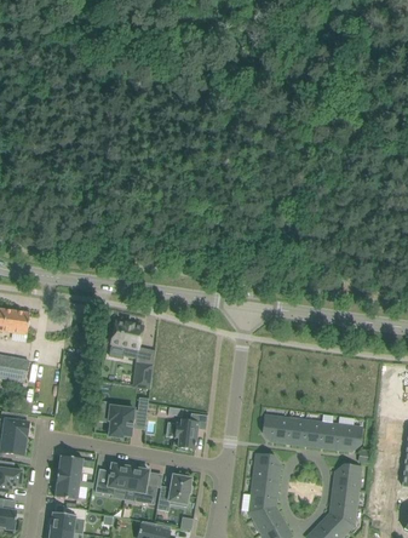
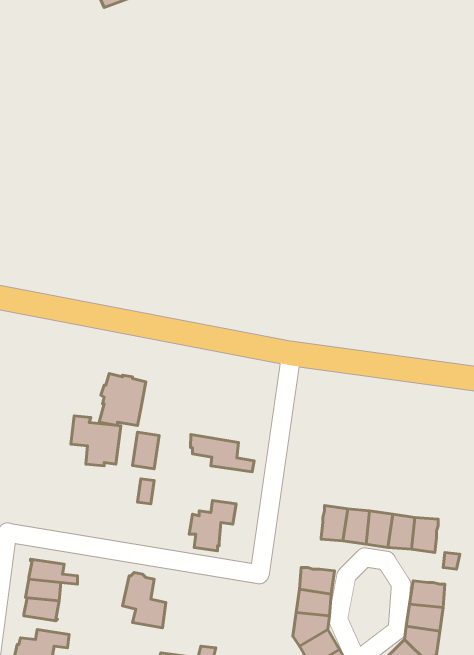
building: none -> [190,435,254,472]
building: [98,401,134,437] -> [71,416,121,466]
building: [96,463,131,494] -> none
building: [159,475,191,506] -> none

